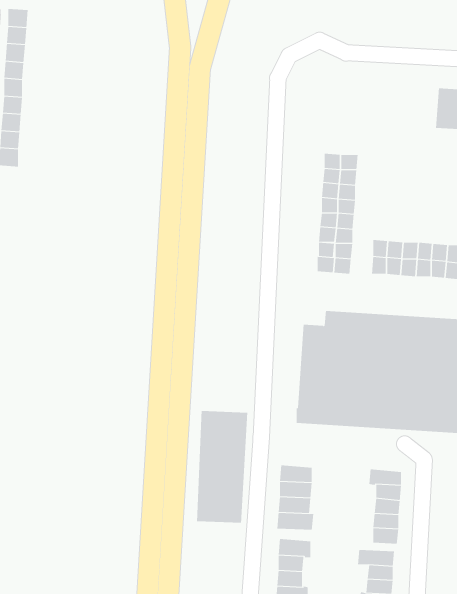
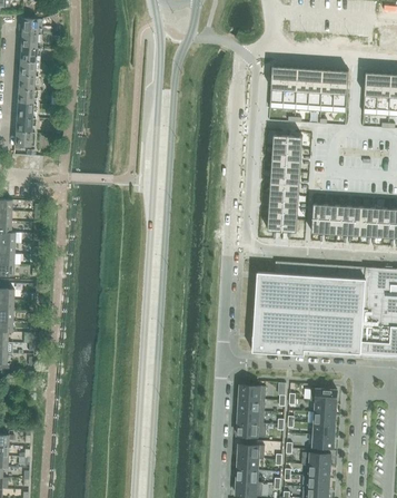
building: none -> [270,77,348,114]
building: [197,410,248,524] -> none

